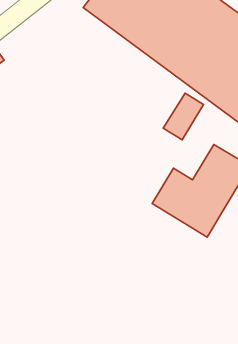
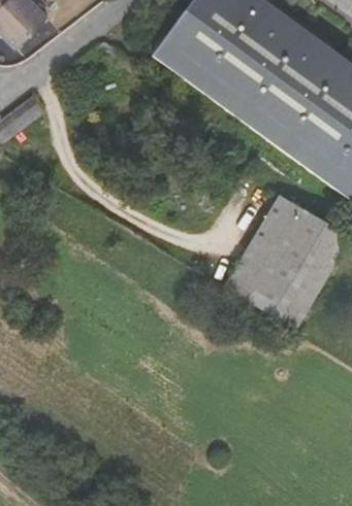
building: [163,93,203,140] -> [254,202,305,261]

